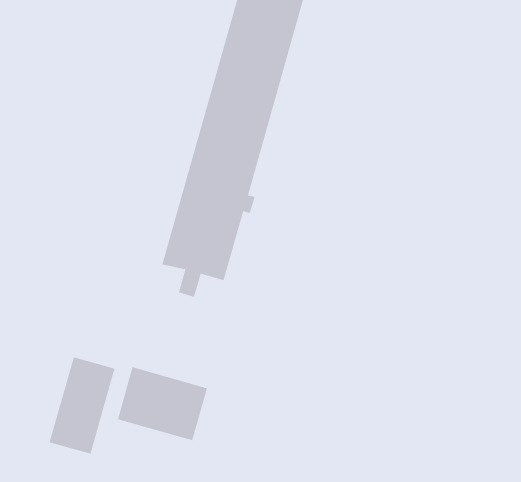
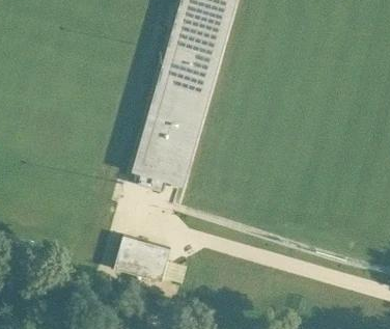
building: [49,356,115,455] -> none

